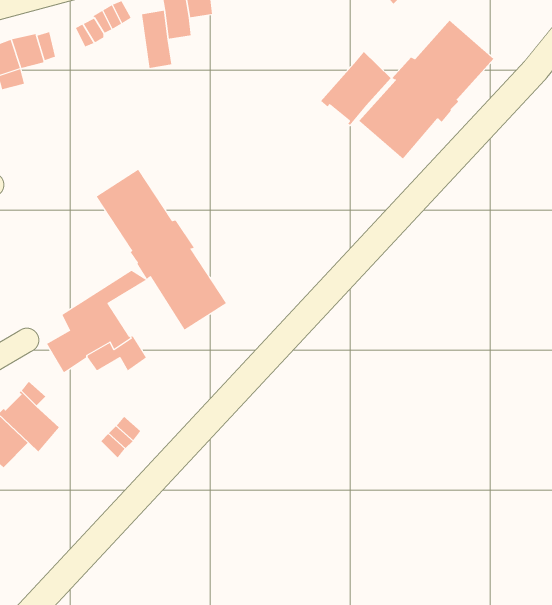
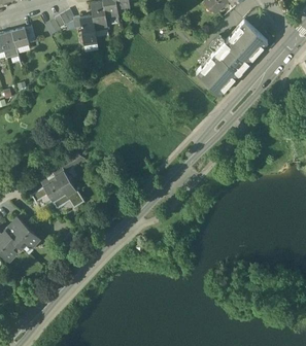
building: [320,51,391,126] -> none
building: [96,169,227,331] -> none

